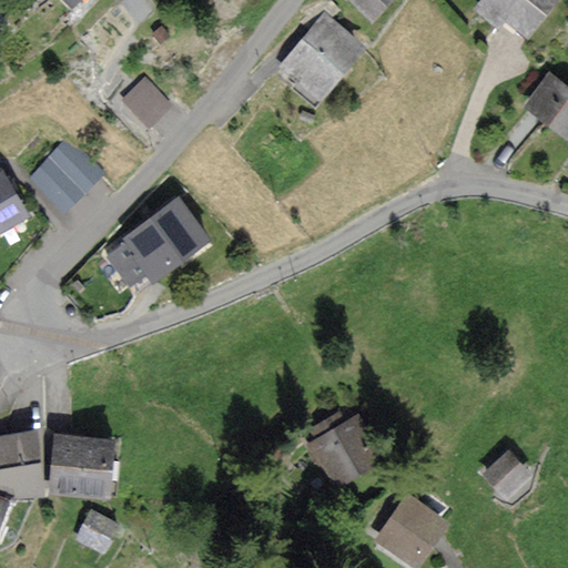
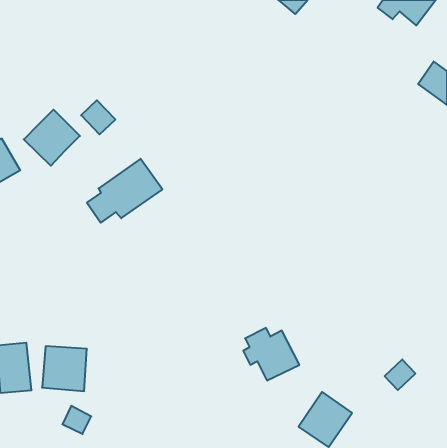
building: [280,17,361,100] -> none
building: [124,80,168,123] -> [81,100,115,134]

